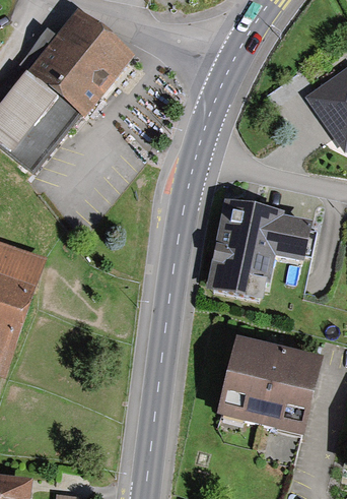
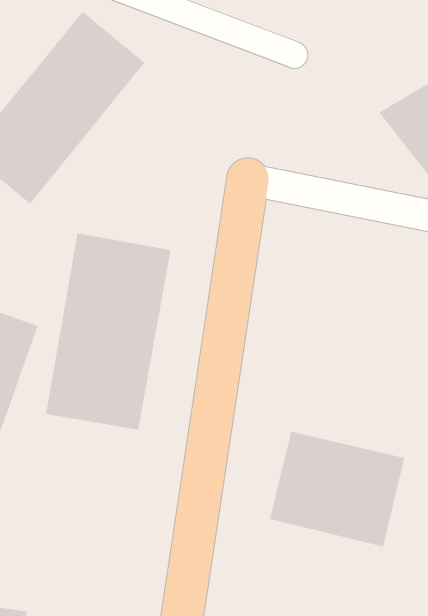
building: none -> [45,232,171,430]
building: [207,201,305,302] -> none

